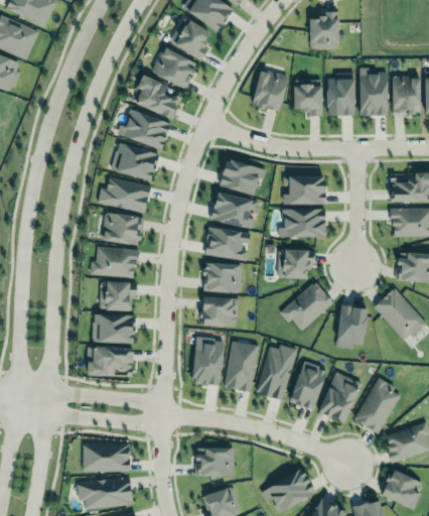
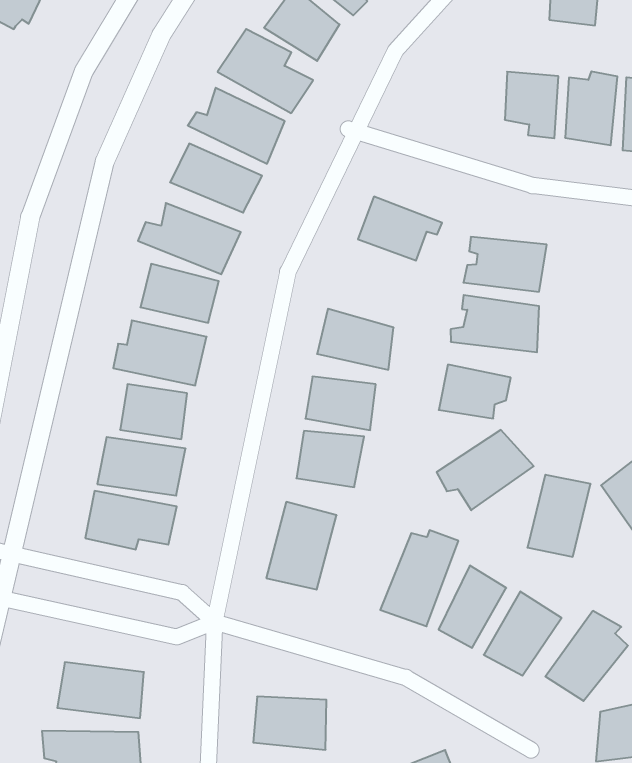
building: [255,67,290,109] -> none
building: [209,194,254,227] -> none
building: [225,342,257,392] -> none

